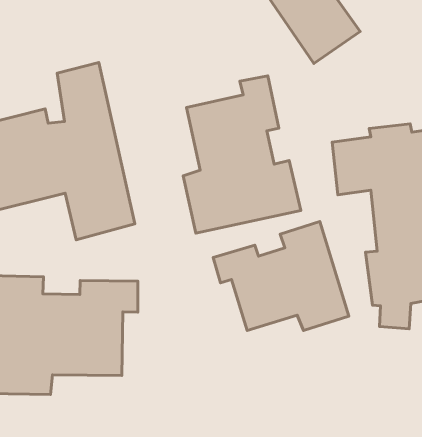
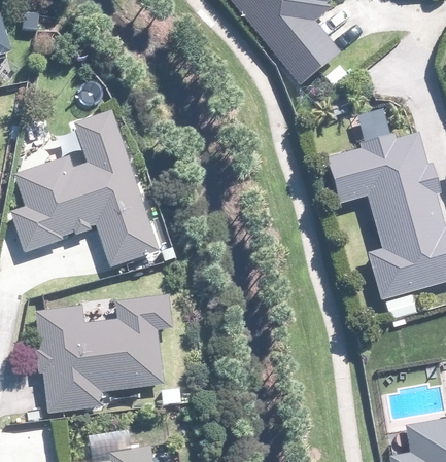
building: [183,76,301,233] -> none
building: [213,221,349,331] -> none

